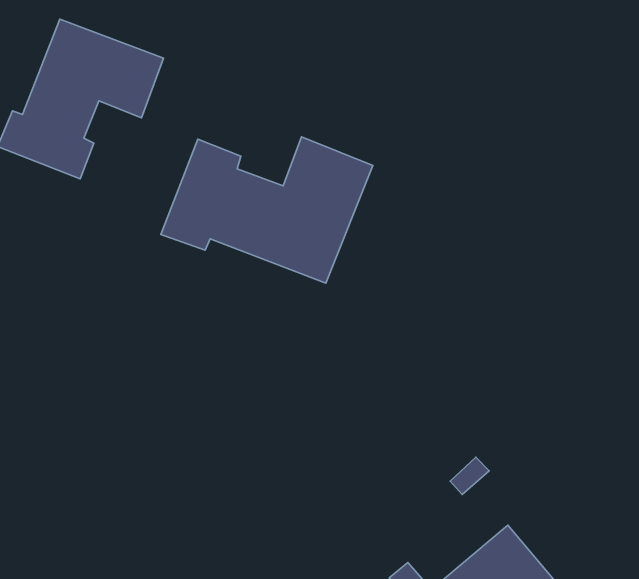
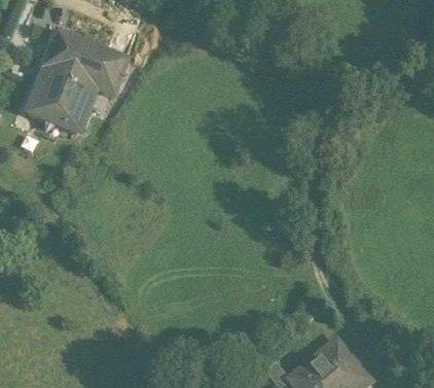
building: [161,137,373,283] -> none

